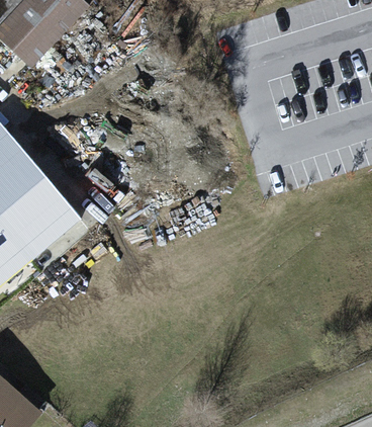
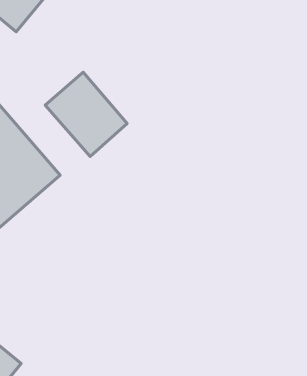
building: none -> [45,72,127,157]

